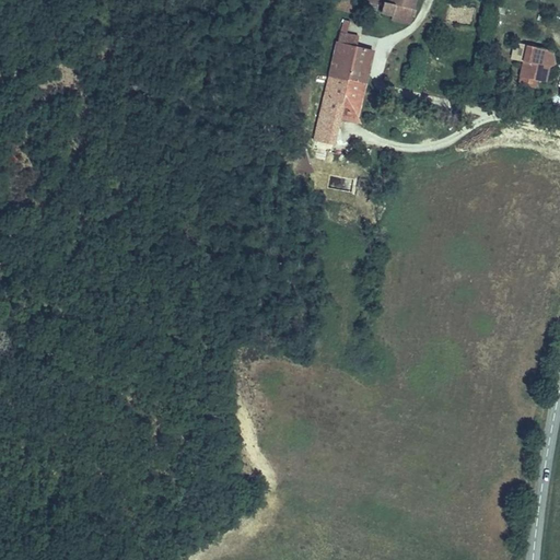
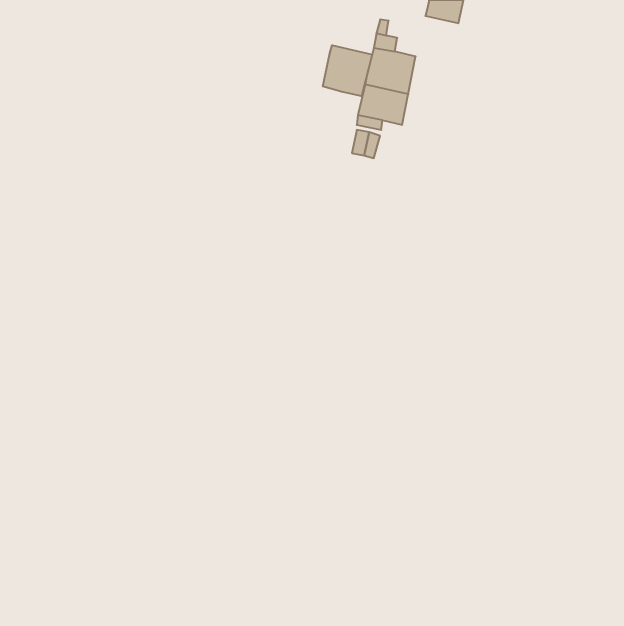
building: none -> [323,45,372,96]
building: [520,47,552,91] -> none

